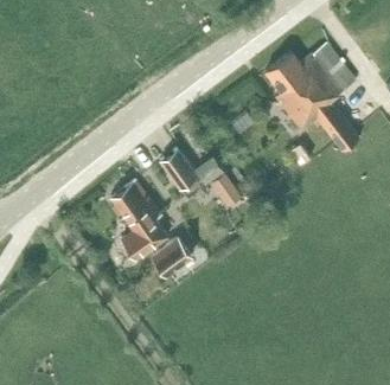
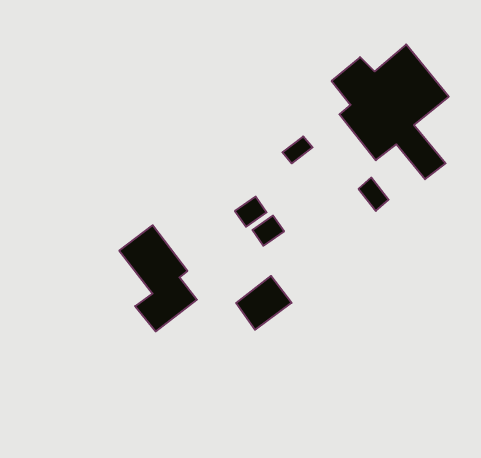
building: [159,148,198,190] -> none
building: [152,237,193,277] -> [236,276,292,330]

